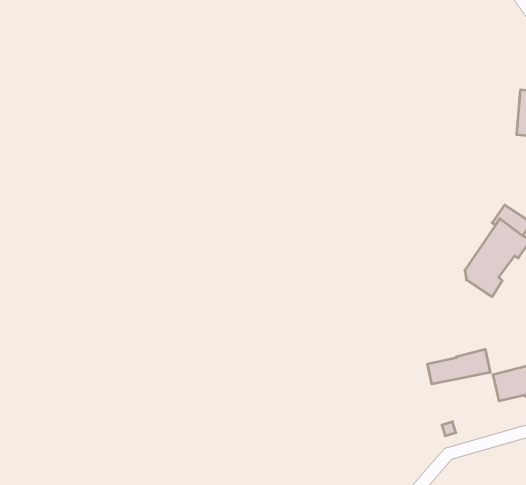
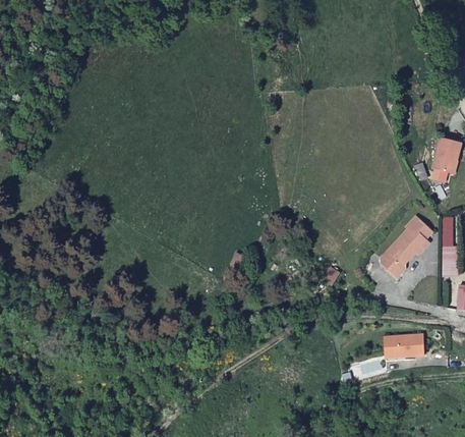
building: [428,349,490,384] -> none

